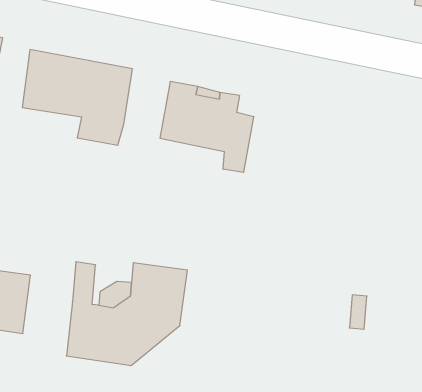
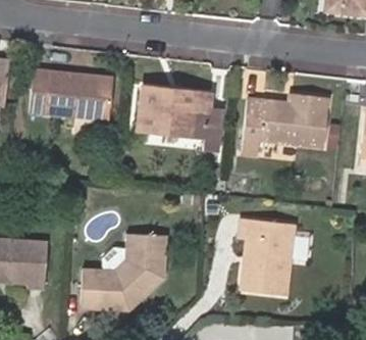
building: none -> [241,91,328,153]
building: none -> [237,212,293,287]

